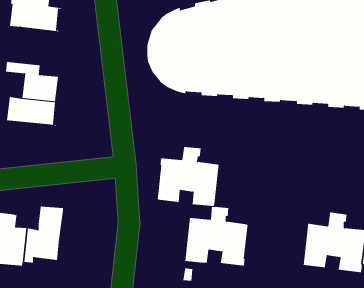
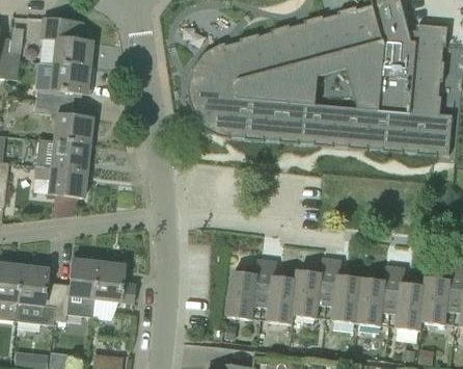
building: none -> [34,63,92,105]
building: none -> [32,164,86,197]
building: [157,146,220,206] -> [294,258,362,323]
building: none -> [92,258,133,304]

